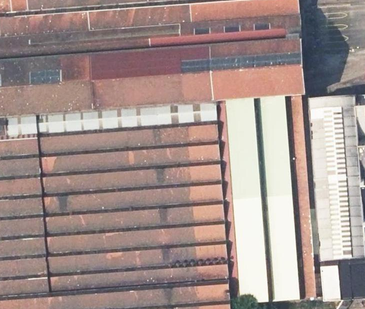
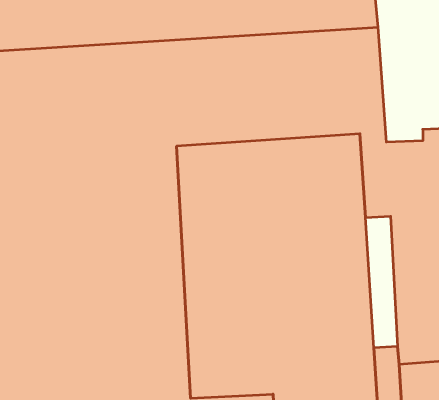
building: [295,155,318,249] -> none

